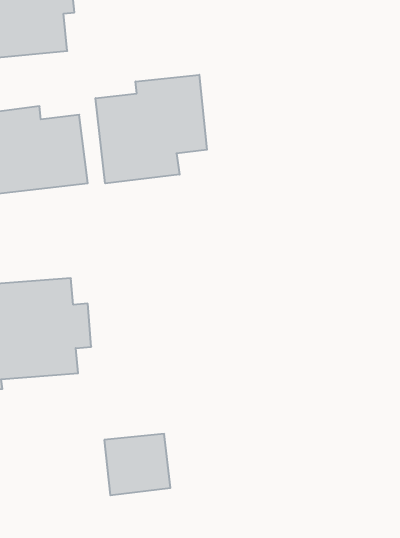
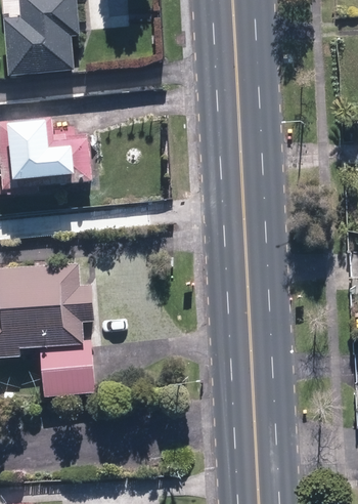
building: [96,75,207,183] -> none
building: [104,434,170,495] -> [38,344,94,396]

